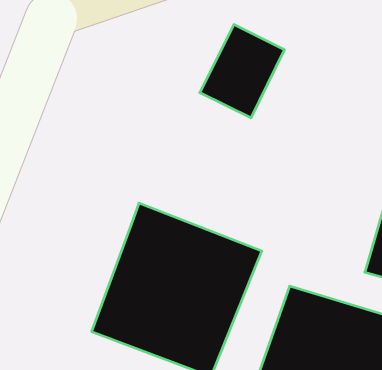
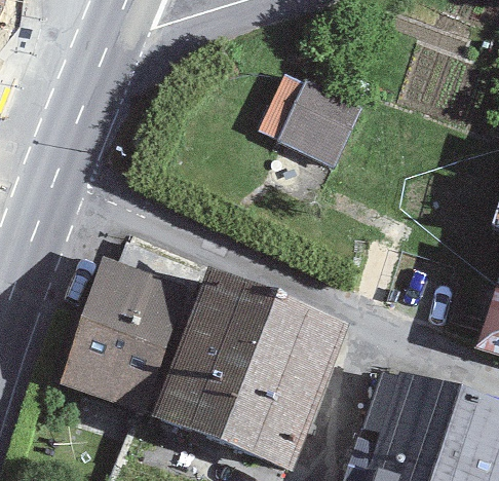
building: none -> [55,256,199,418]

